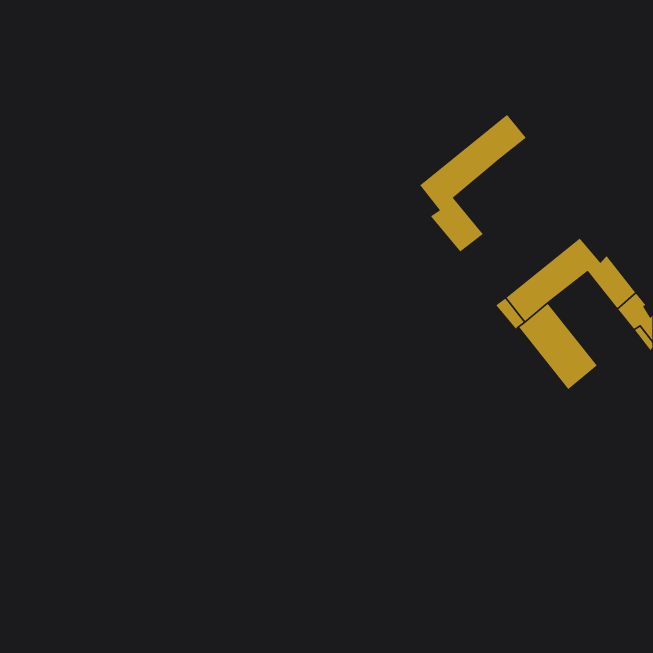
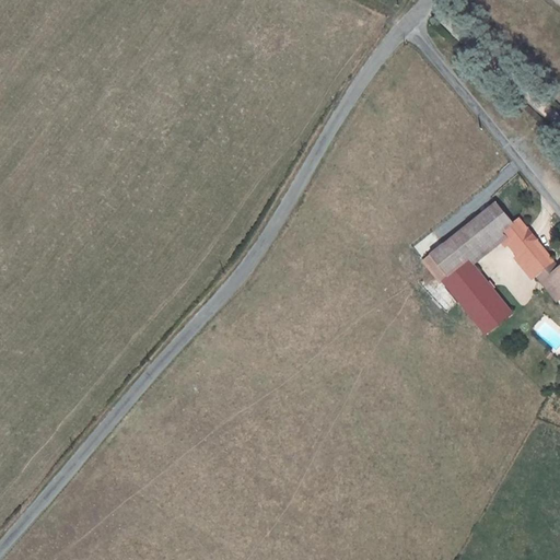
building: [419,114,527,252] -> none

